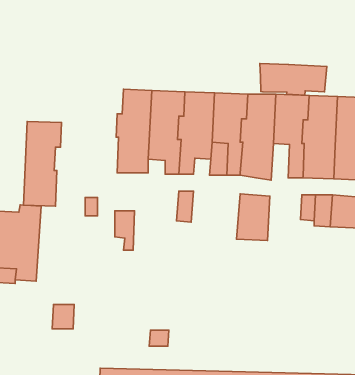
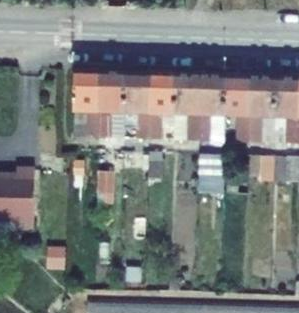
building: [260,64,327,95] -> none
building: [24,121,62,206] -> [74,72,105,141]

